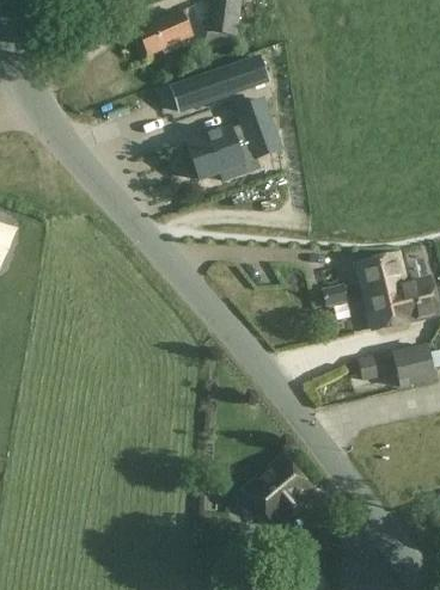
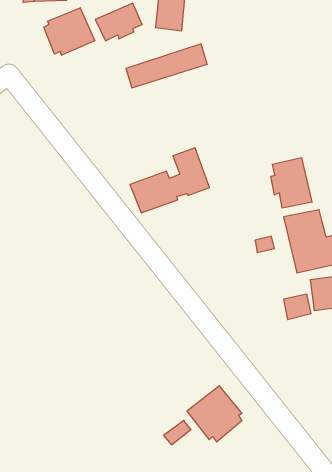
building: none -> [44,8,95,55]
building: [187,100,280,177] -> [130,148,209,213]
building: none -> [271,158,312,208]

